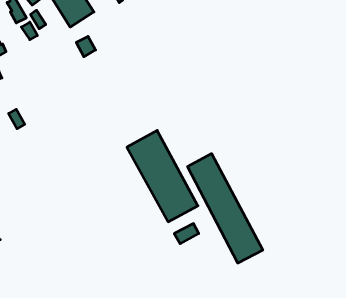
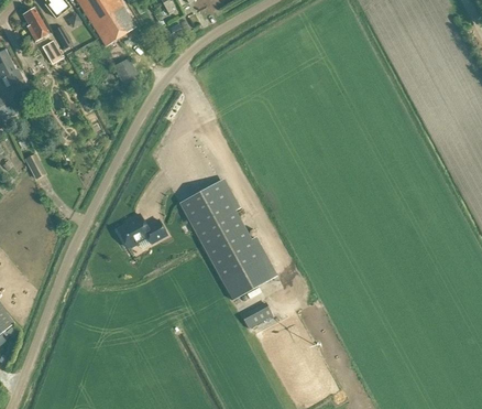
building: [188,154,263,263] -> none
building: none -> [118,215,167,247]

